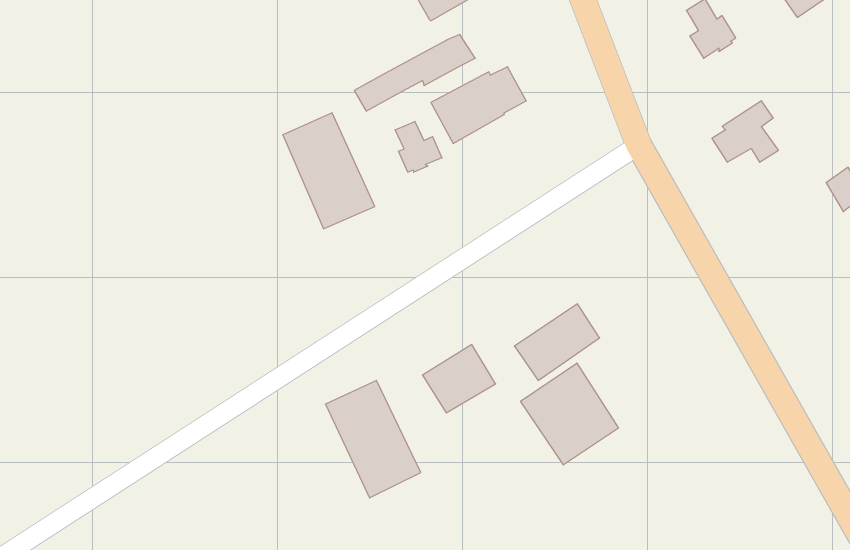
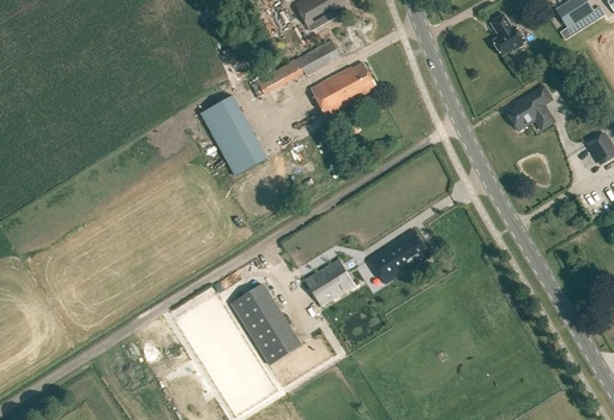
building: [395,121,442,172] -> none
building: [521,363,618,465] -> none

